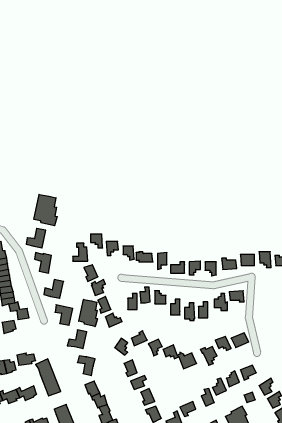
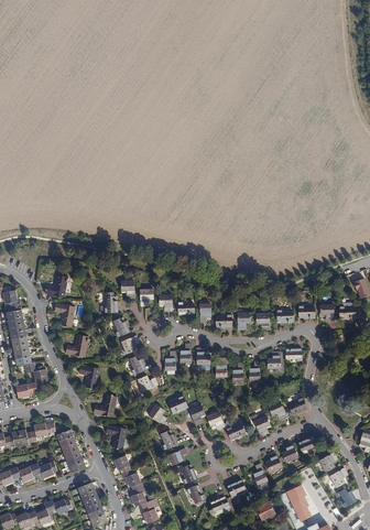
building: [34,194,57,226] -> none
building: [79,299,97,327] -> none

